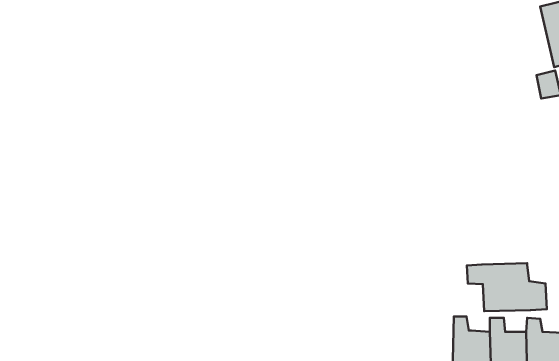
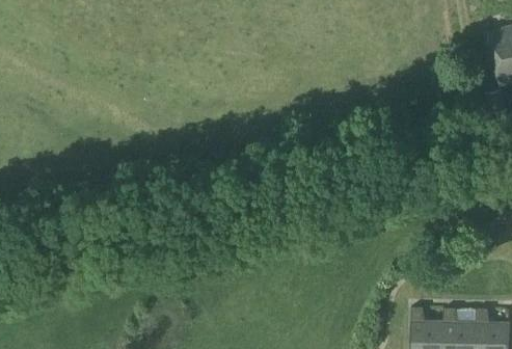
building: [467,263,547,311] -> none

